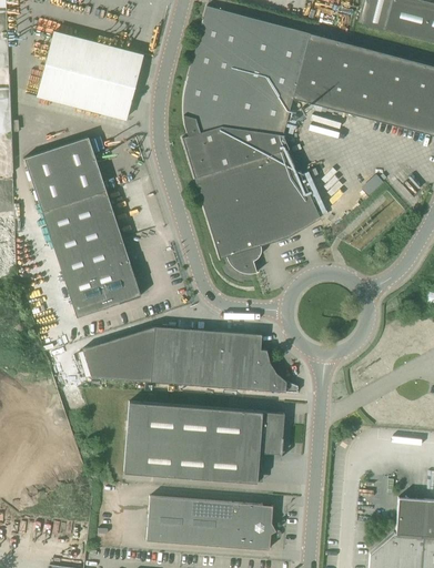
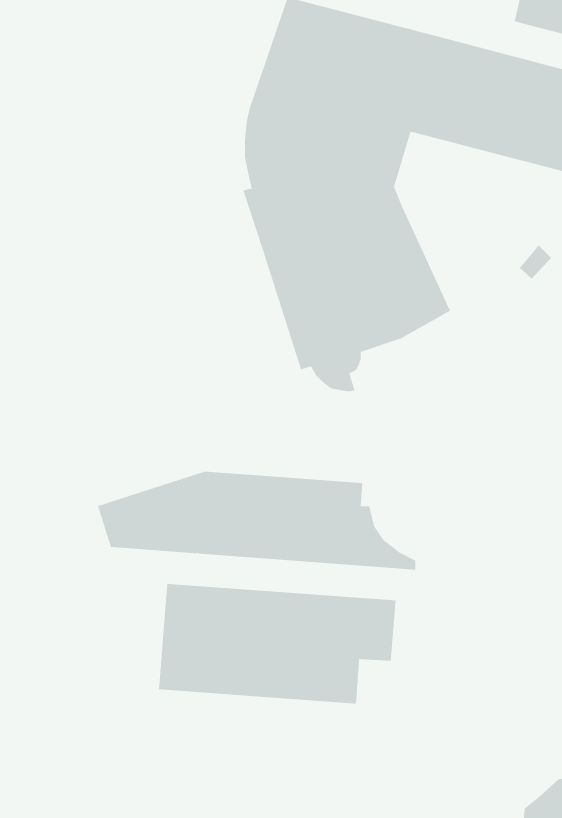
building: [37,31,143,119] -> none
building: [24,136,141,317] -> none
building: [147,496,275,549] -> none

